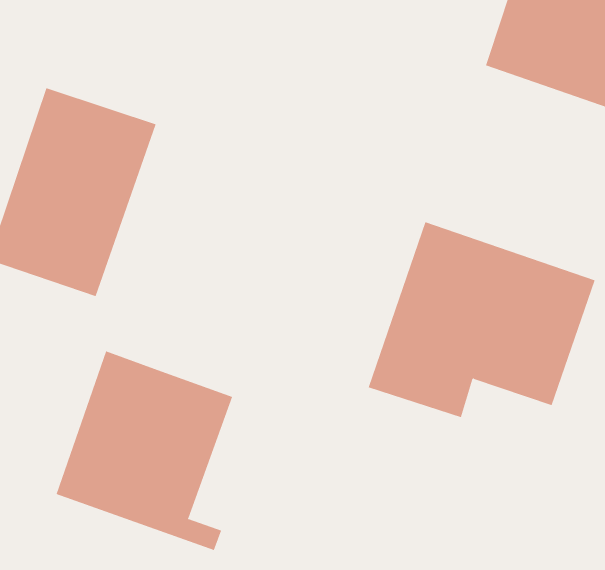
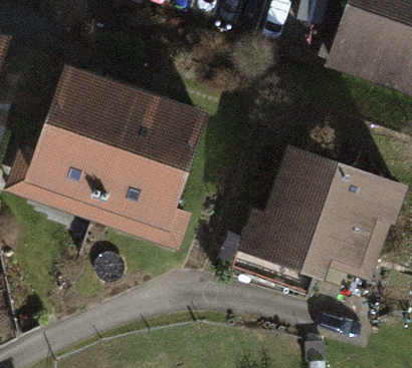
building: none -> [96,97,199,247]
building: [56,351,233,551] -> none

